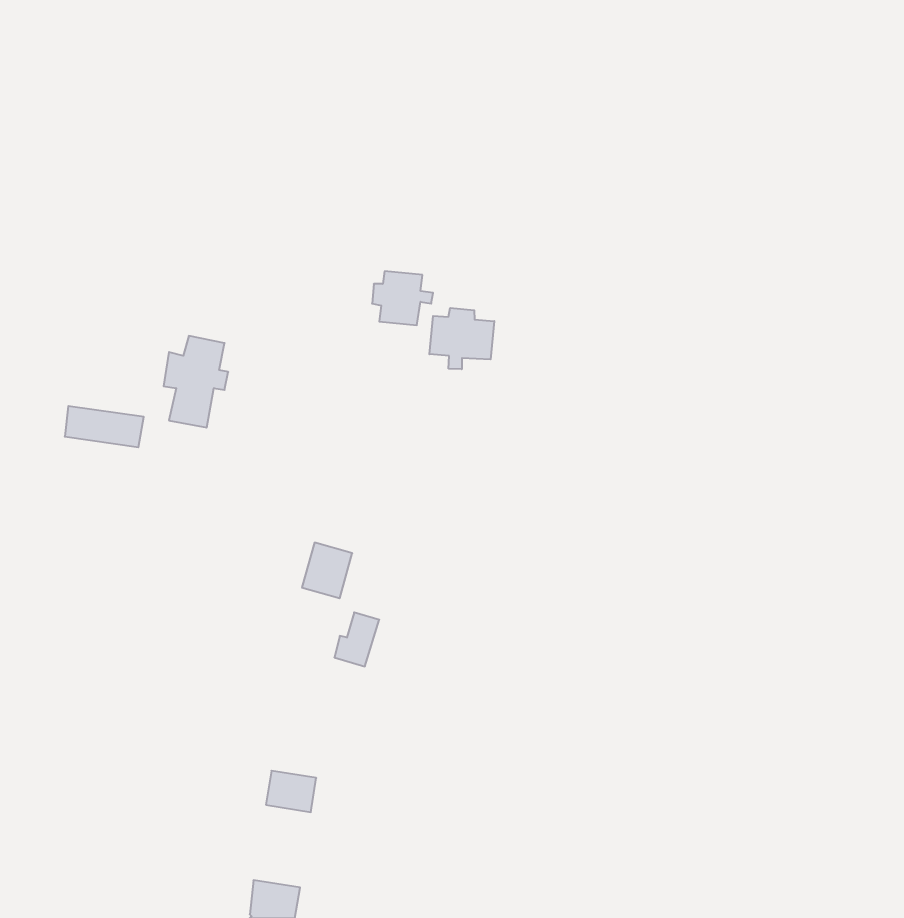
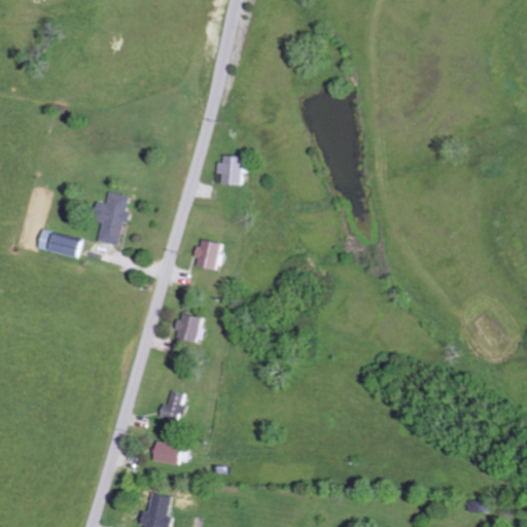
building: [429,308,494,369] -> none
building: none -> [192,240,221,271]
building: [334,612,379,666] -> [160,390,185,421]

